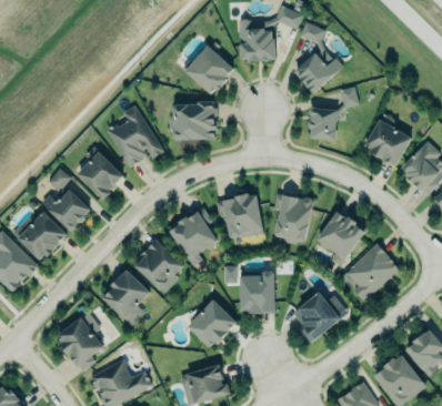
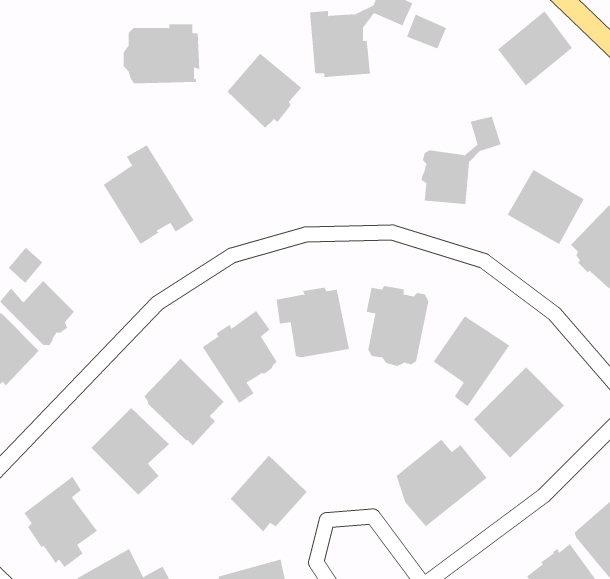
building: [293,45,341,93] -> [497,11,573,86]
building: [169,101,218,139] -> [123,24,200,84]
building: [78,151,124,200] -> none
building: [239,270,274,312] -> none

